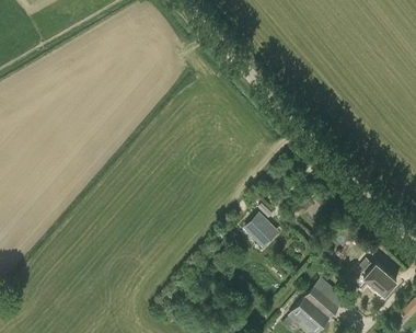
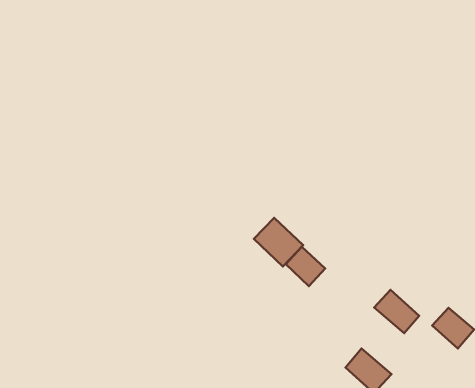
building: none -> [254,218,303,266]
building: [304,282,340,317] -> [374,290,419,333]

